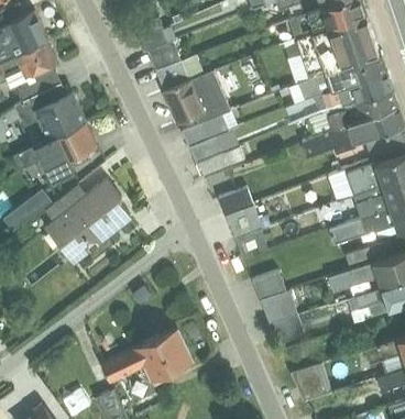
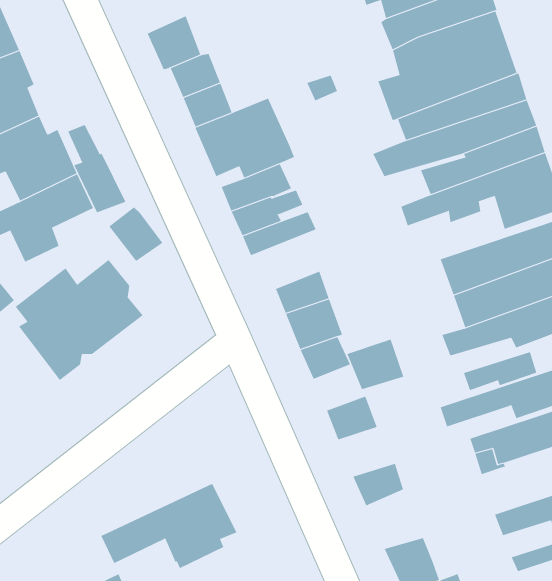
building: none -> [68,124,126,213]
building: none -> [108,206,163,262]
building: [260,290,298,324] -> [347,339,404,390]

